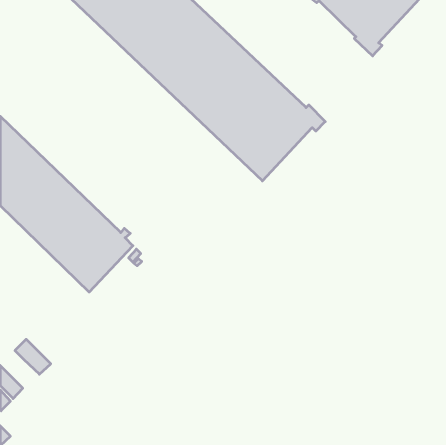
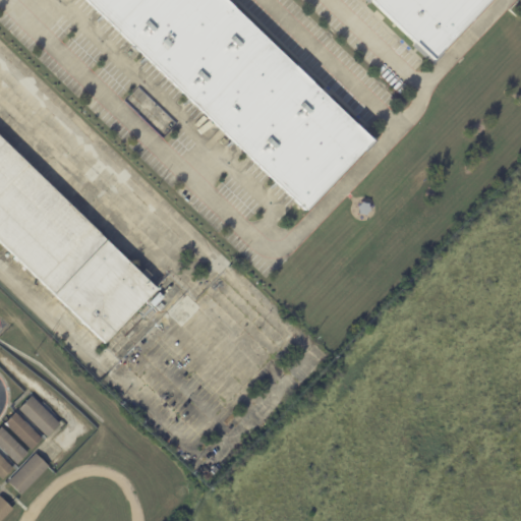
building: none -> [5,411,43,449]
building: none -> [8,452,49,494]

